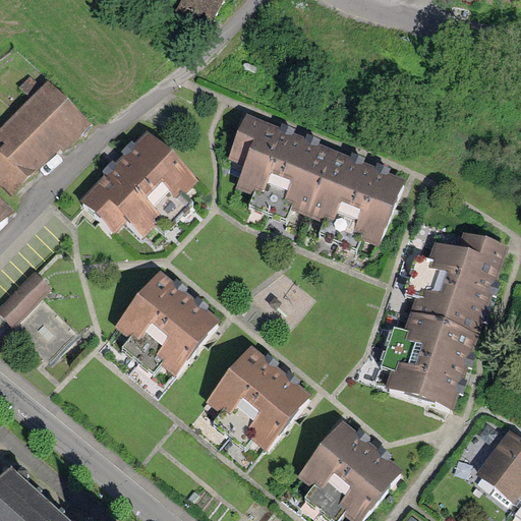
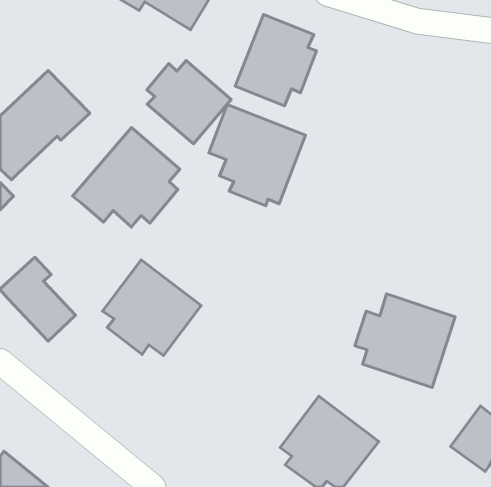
building: none -> [235,15,317,106]
building: none -> [147,61,231,144]
building: [297,142,405,248] -> none
building: [406,232,511,334] -> none
building: [205,349,308,450] -> none

